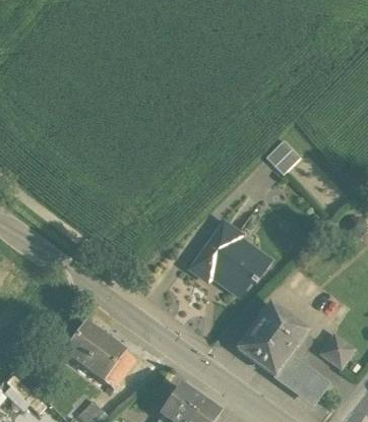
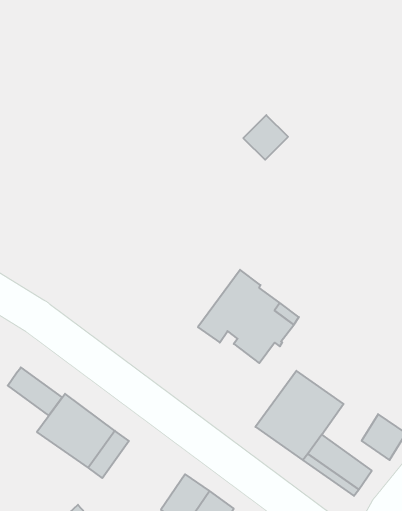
building: [266,138,302,174] -> [243,115,288,160]
building: none -> [8,367,62,416]

